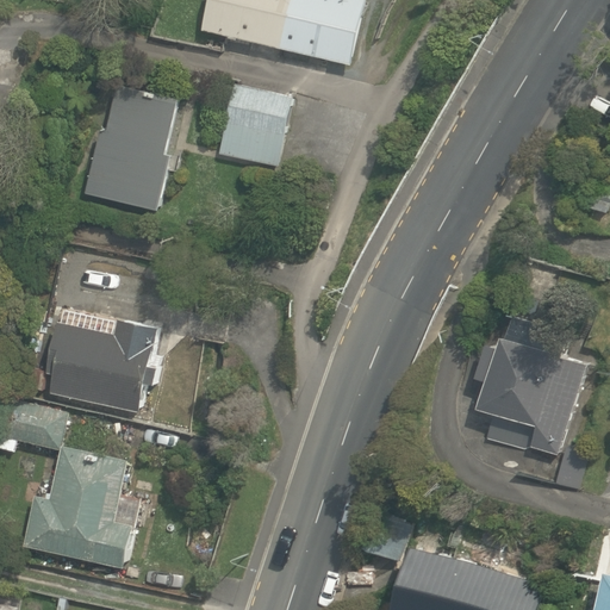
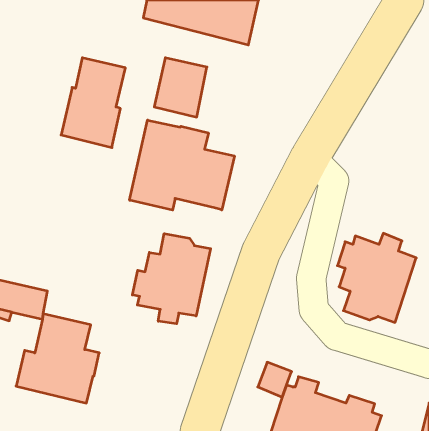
building: none -> [130,120,234,210]
building: [45,318,158,412] -> none
building: none -> [132,234,211,324]

